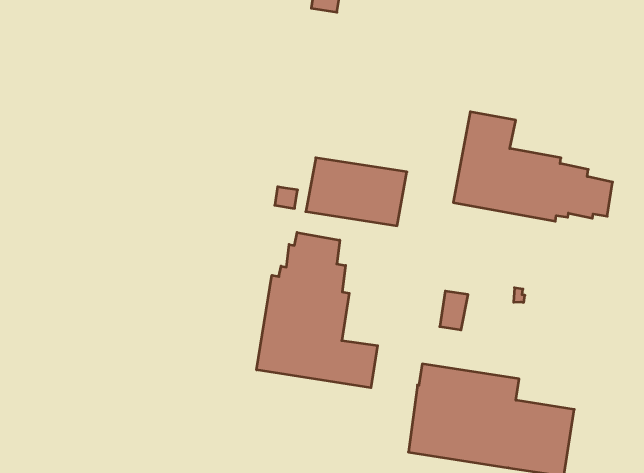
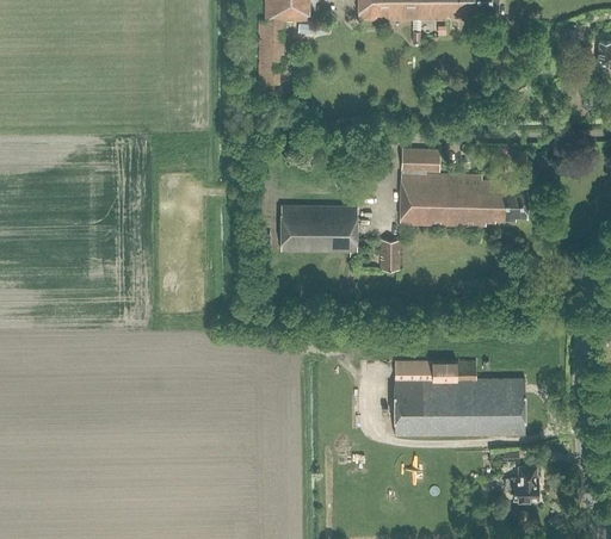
building: [257,232,378,388] -> none
building: [440,291,468,330] -> [381,241,400,271]

